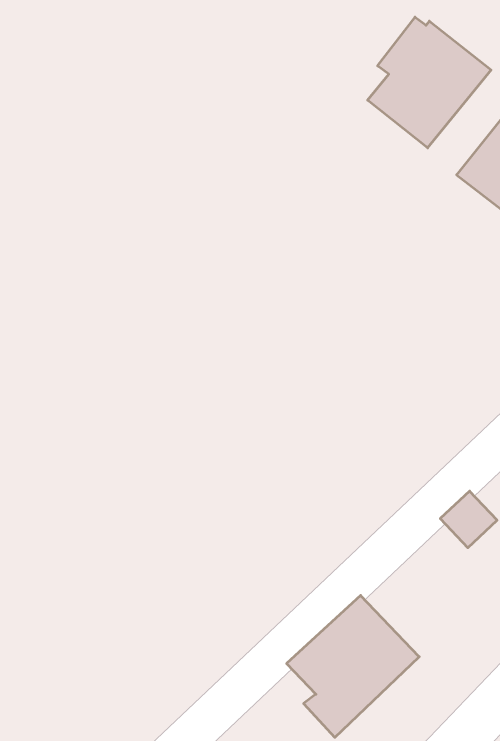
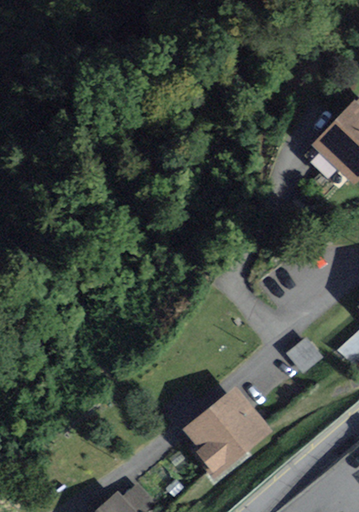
building: [368,17,491,148] -> none

